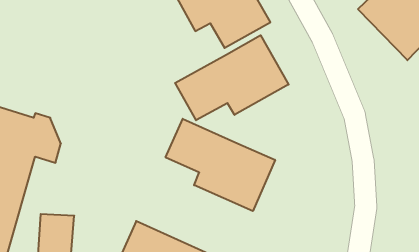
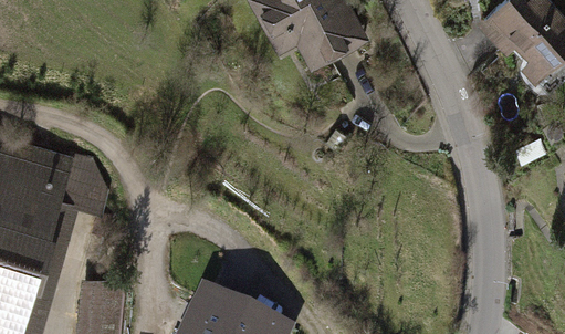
building: [175,35,289,120] -> none
building: [166,119,275,211] -> none

